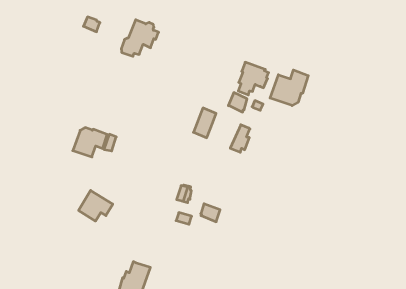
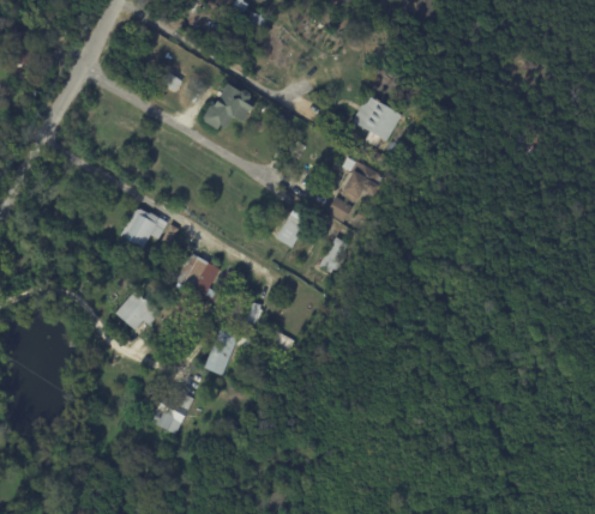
building: none -> [350,95,399,146]
building: [270,70,308,106] -> none
building: none -> [175,253,220,300]
building: none -> [204,327,239,375]

